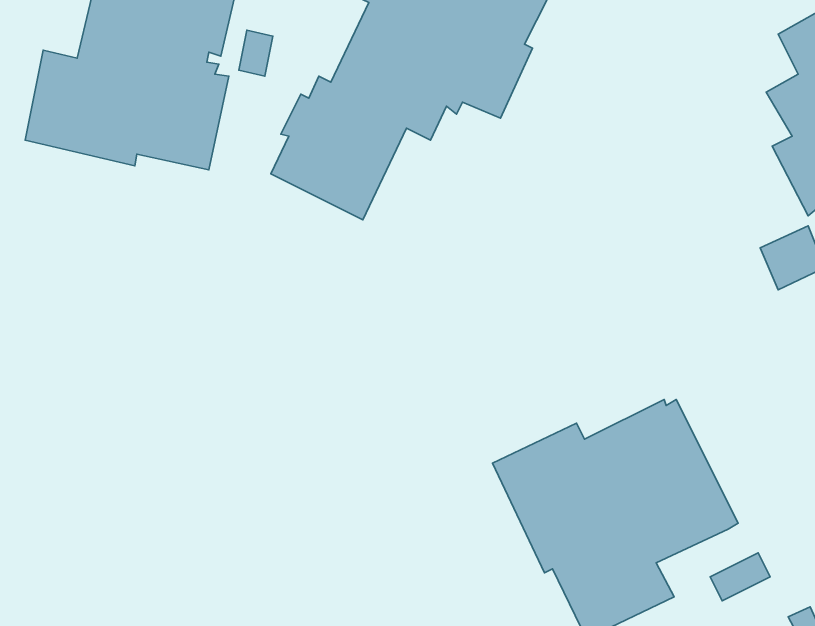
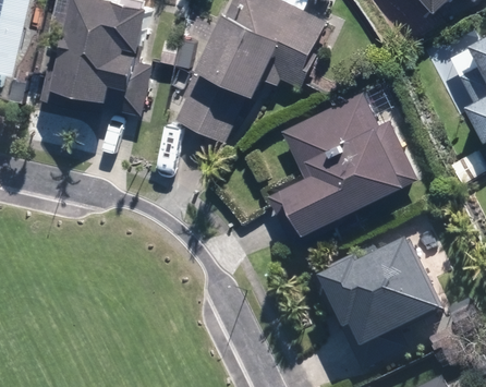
building: none -> [288,88,409,228]

